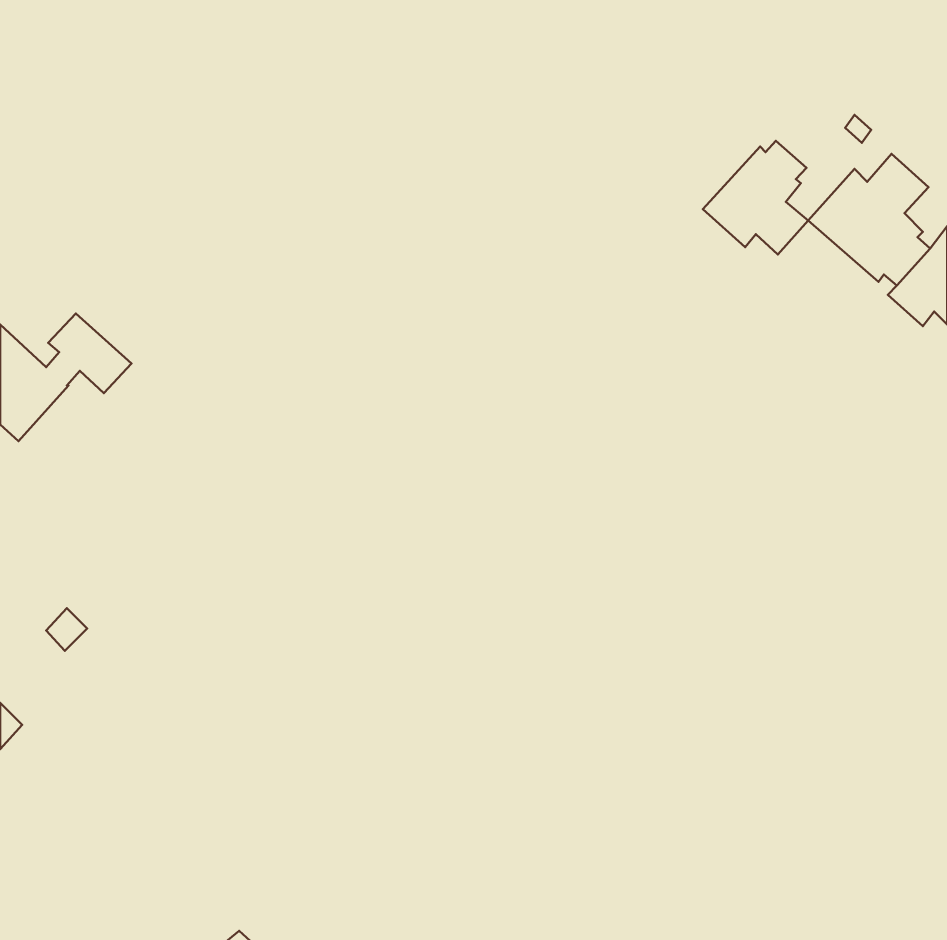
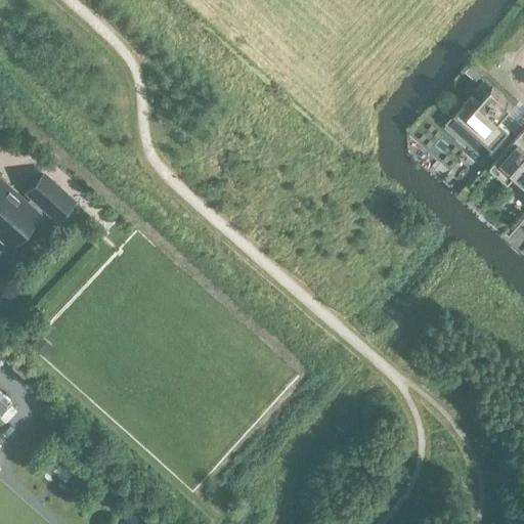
building: [703,141,808,255] -> none

